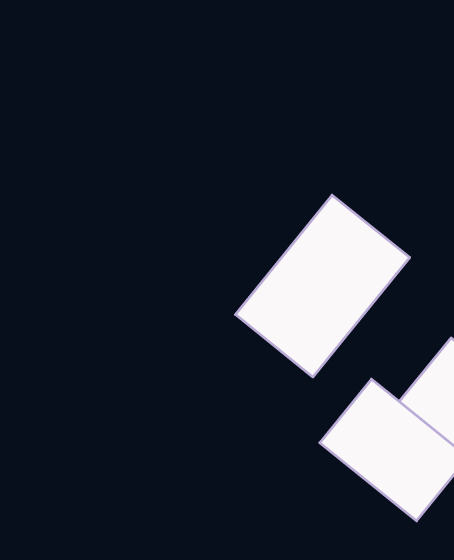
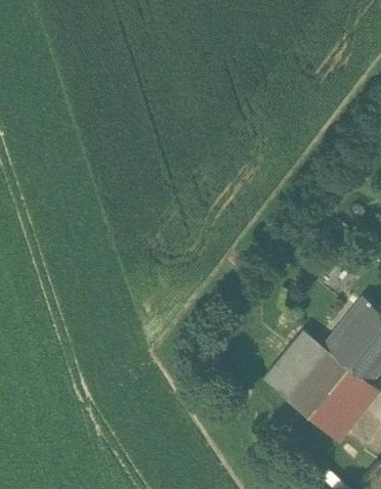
building: [235,195,410,377] -> none

